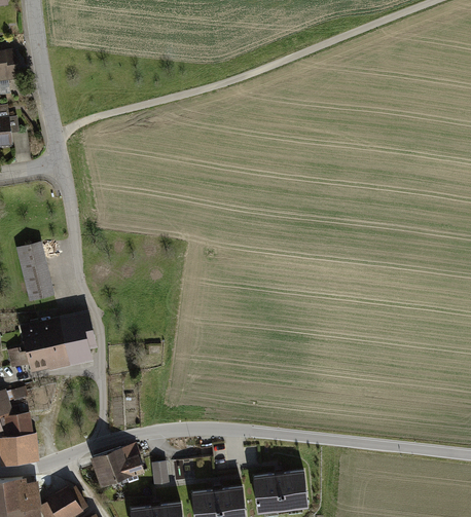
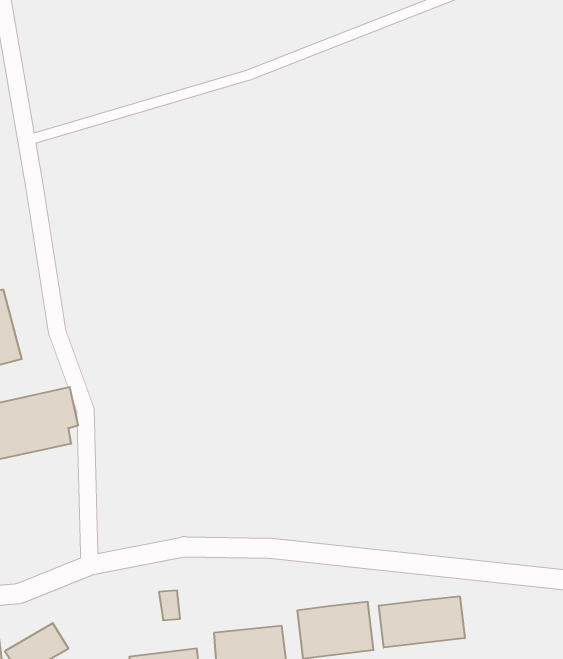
building: [93,445,143,483] -> none
building: none -> [379,596,465,648]

